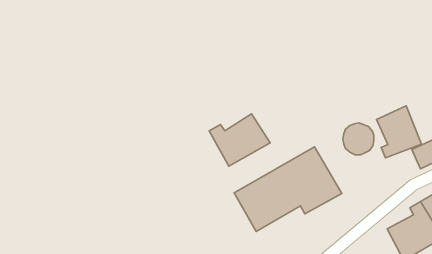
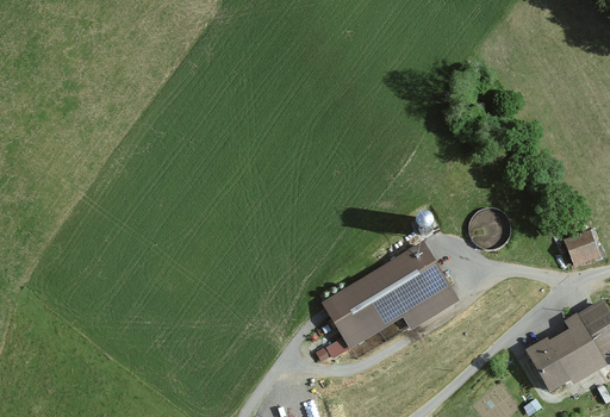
building: [376,106,422,158] -> none
building: [209,114,270,166] -> none

